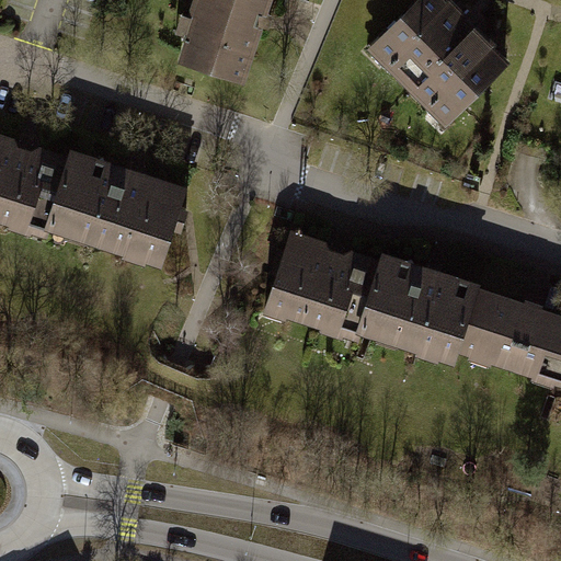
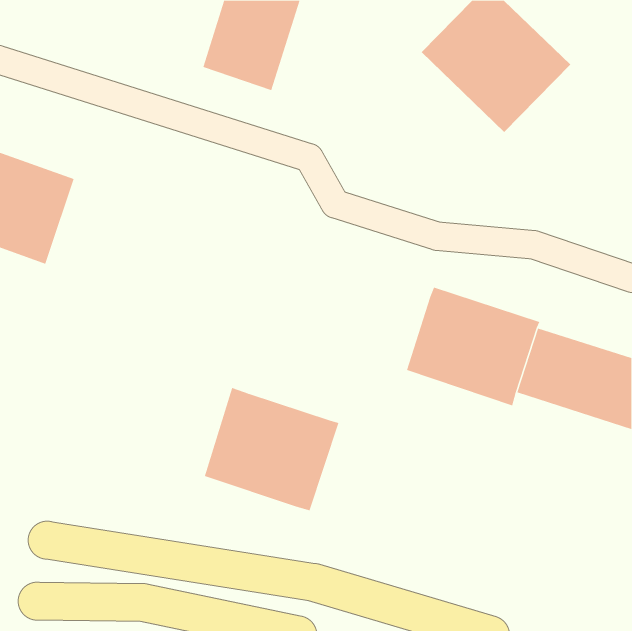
building: [44,151,183,263] -> none
building: [265,236,379,340] -> none
building: none -> [204,387,339,511]

